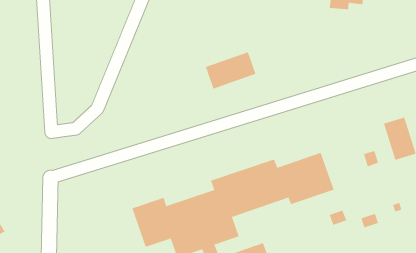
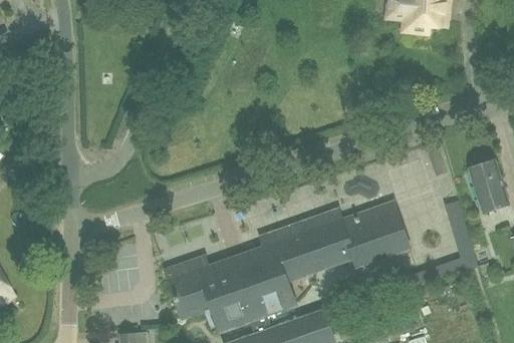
building: [205,51,256,89] -> none

